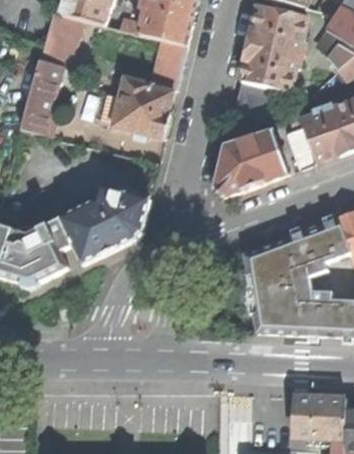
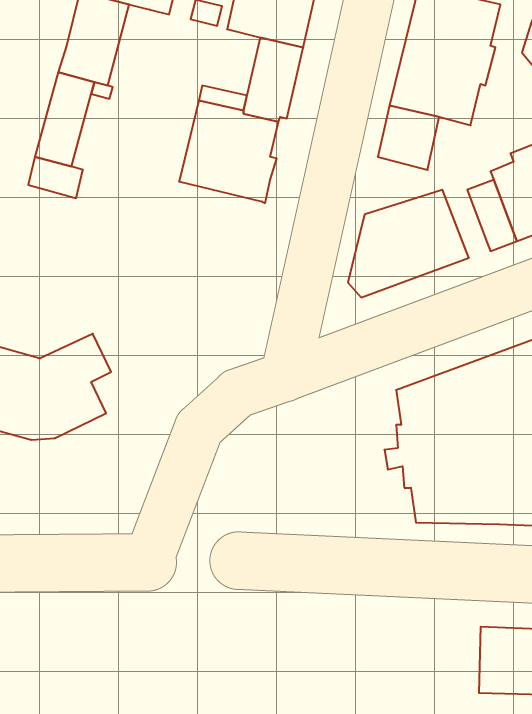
building: [59,187,148,265] -> none

